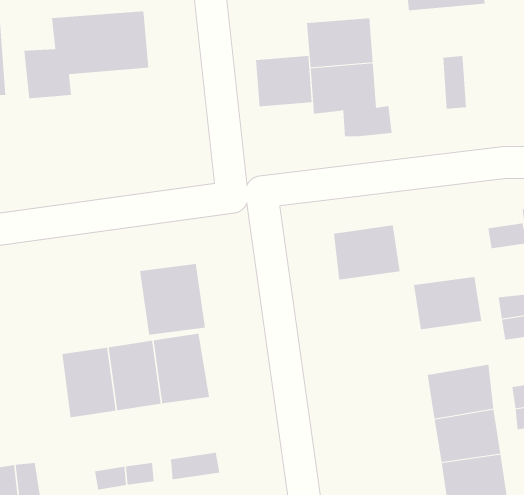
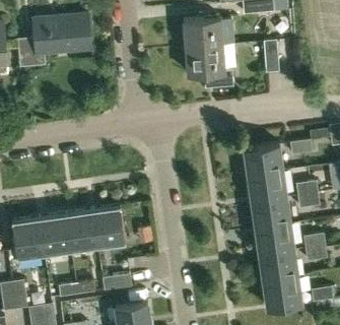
building: [256,55,312,107] -> none
building: [333,225,400,280] -> [244,143,283,176]
building: [140,263,205,336] -> none
building: none -> [251,197,291,229]
building: none -> [12,216,45,258]

